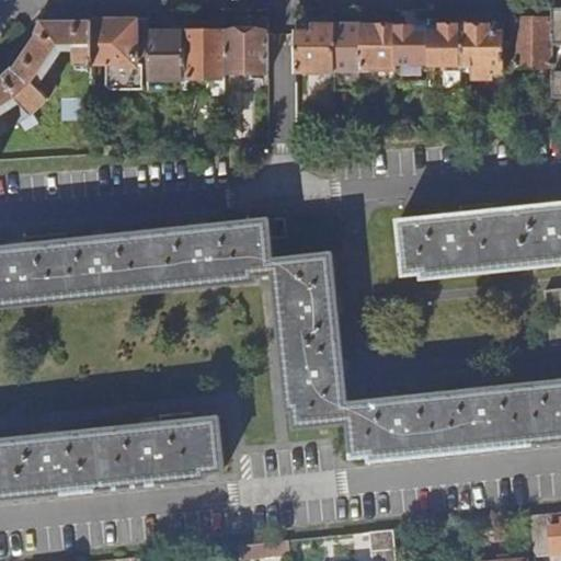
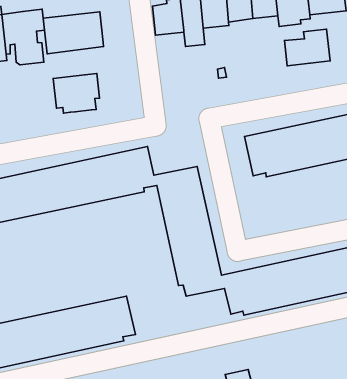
building: [222,31,266,72] -> none
building: none -> [284,29,330,66]
building: none -> [53,74,99,113]

